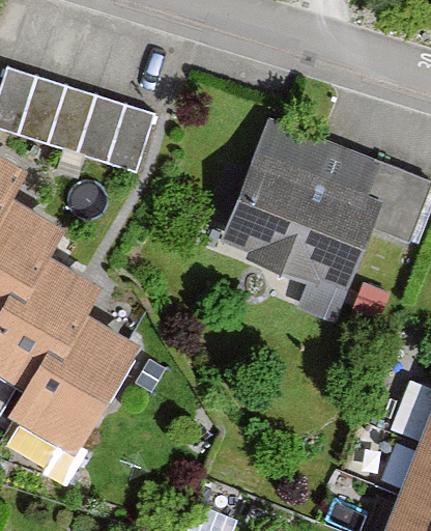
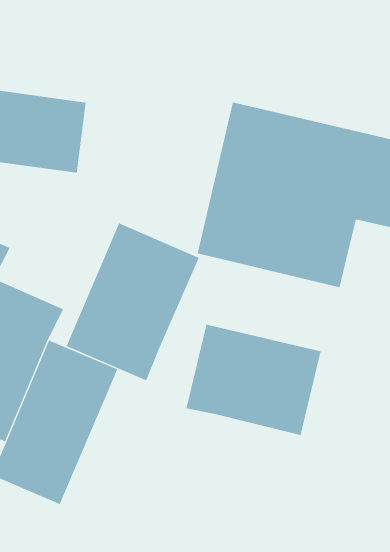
building: none -> [66,223,199,381]
building: none -> [186,324,321,436]

